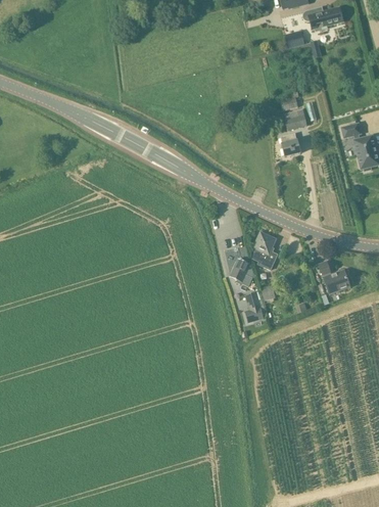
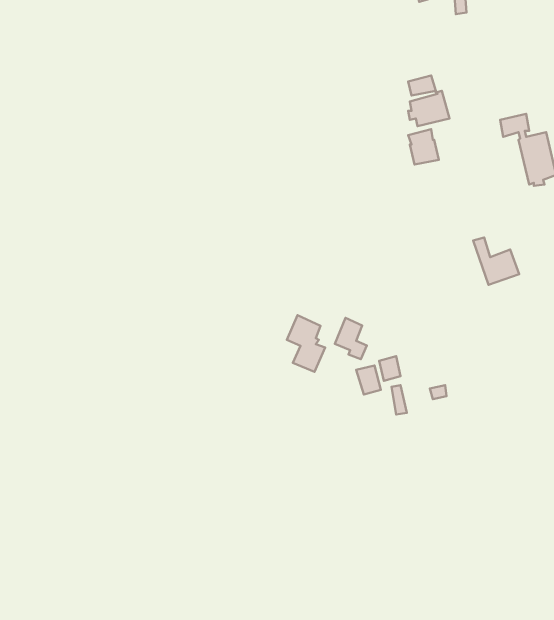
building: [253,230,279,268] -> [287,315,325,372]
building: [319,261,349,292] -> [473,237,519,285]

